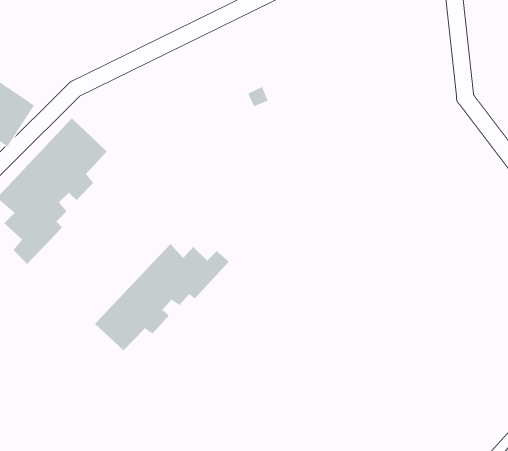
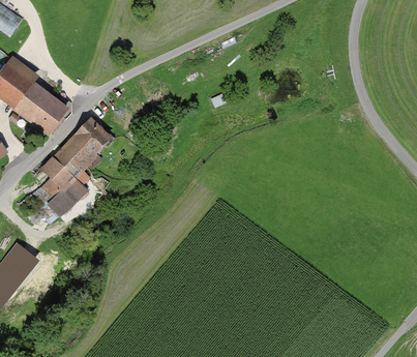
building: [94,243,230,351] -> none

